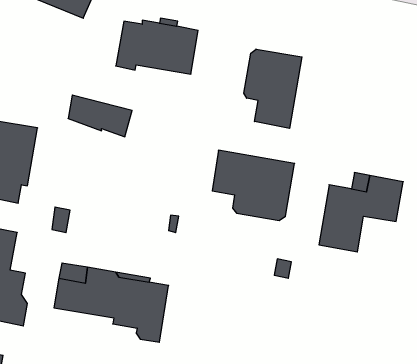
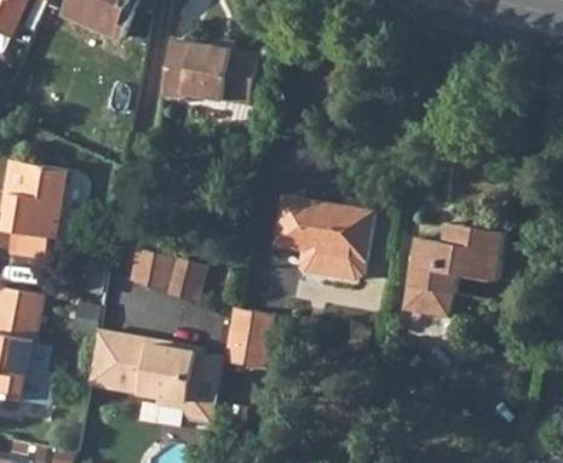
building: [244,49,302,128] -> none
building: [68,95,132,137] -> [127,255,203,304]
building: none -> [223,308,270,368]

